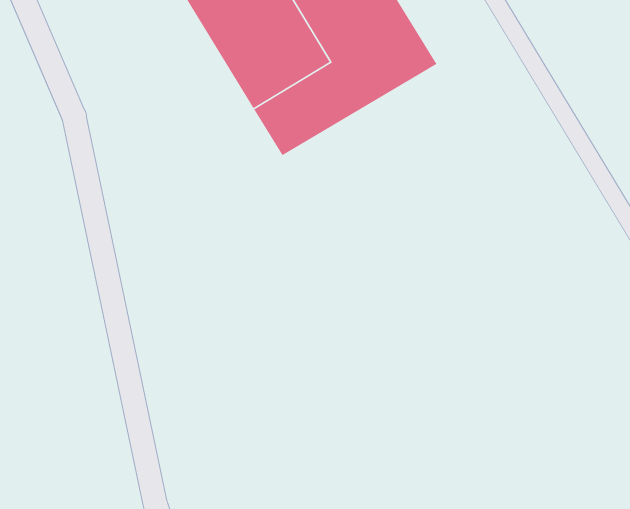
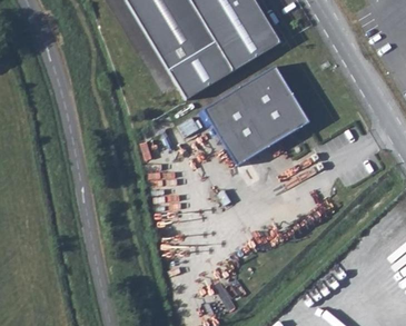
building: none -> [204,65,310,165]

